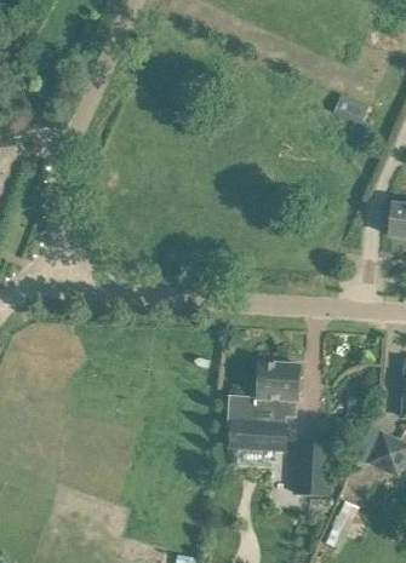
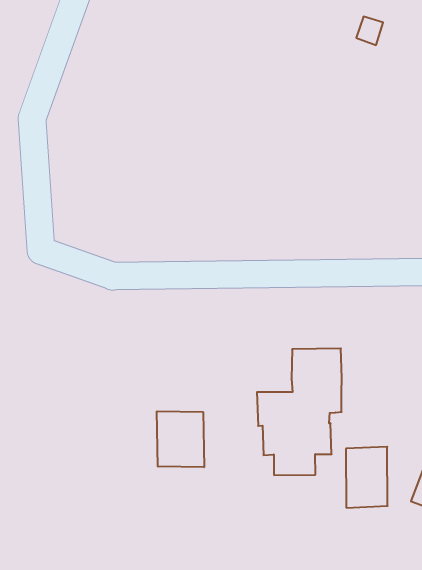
building: none -> [157,411,204,467]

